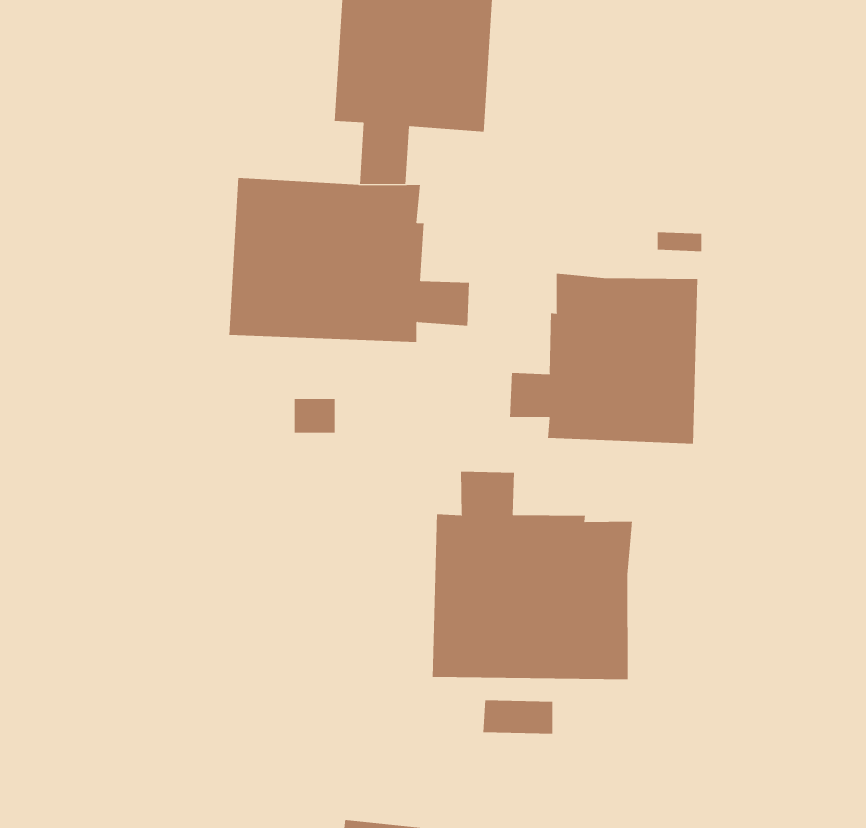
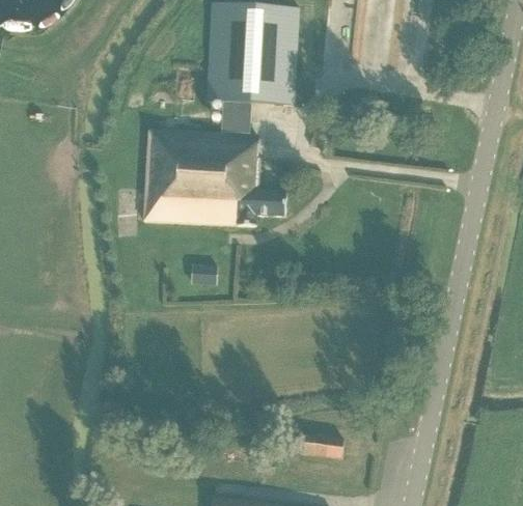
building: [510,273,698,445] -> none
building: [432,471,632,680] -> none

